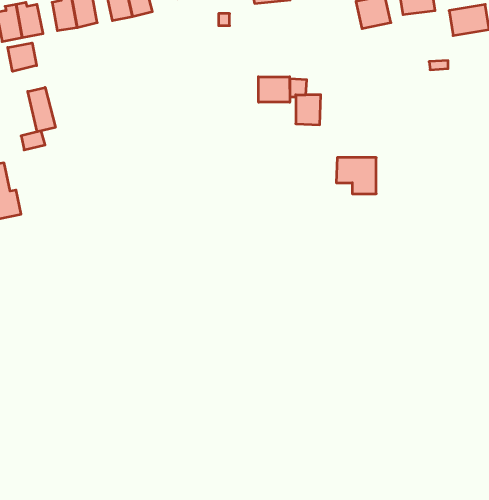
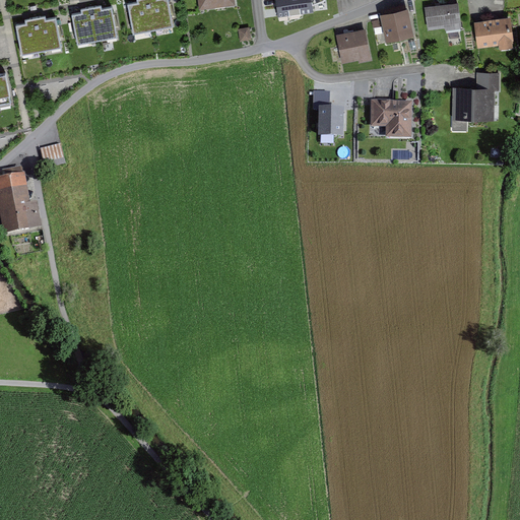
building: none -> [337,29,371,63]
building: [8,43,37,71] -> none
building: none -> [451,72,500,133]
building: [258,77,290,102] -> none
building: [28,87,55,132] -> none
building: [336,158,376,194] -> [370,103,410,139]

